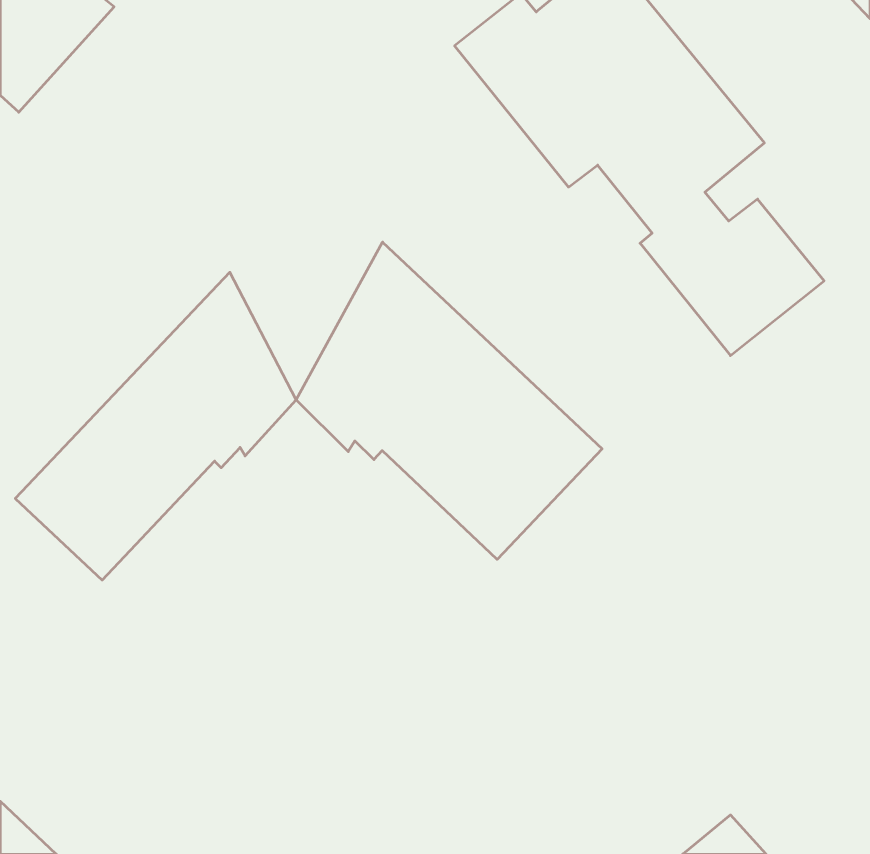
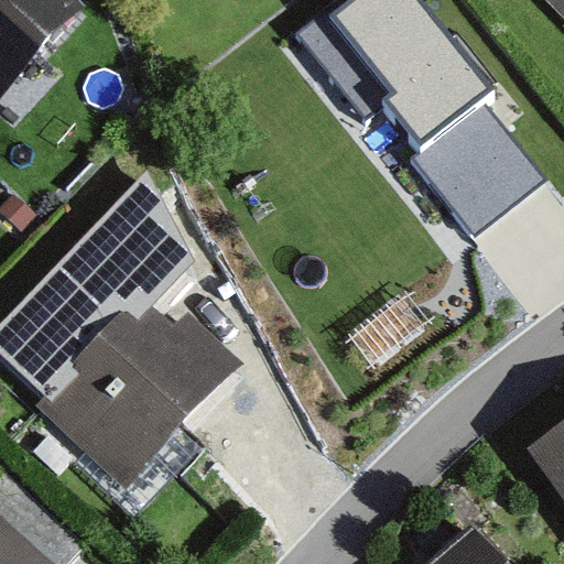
building: [296,242,602,559] -> none
building: none -> [47,299,235,474]

